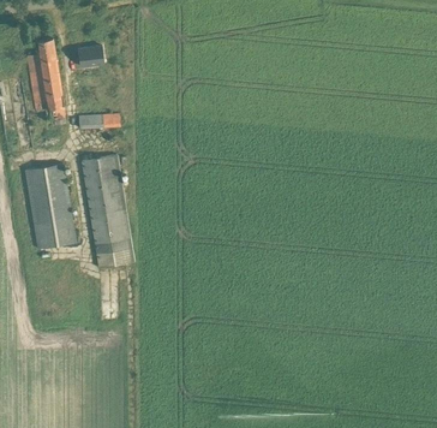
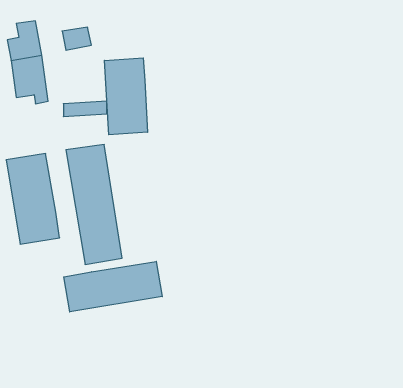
building: none -> [104,58,148,135]
building: none -> [64,261,162,312]

